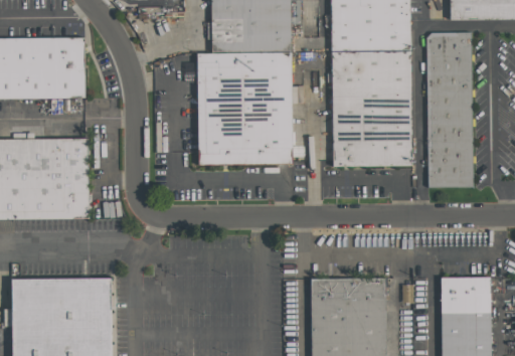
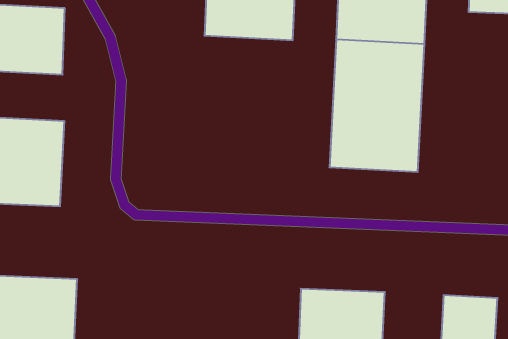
building: [426,32,475,188] -> none
building: [197,53,294,166] -> none

